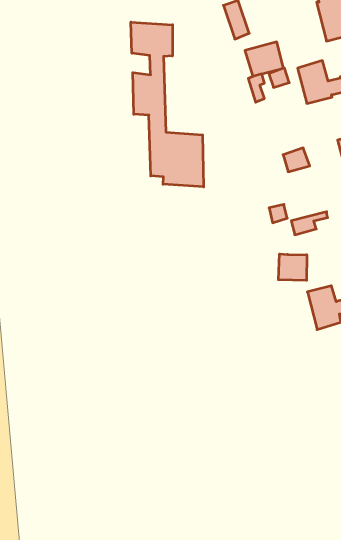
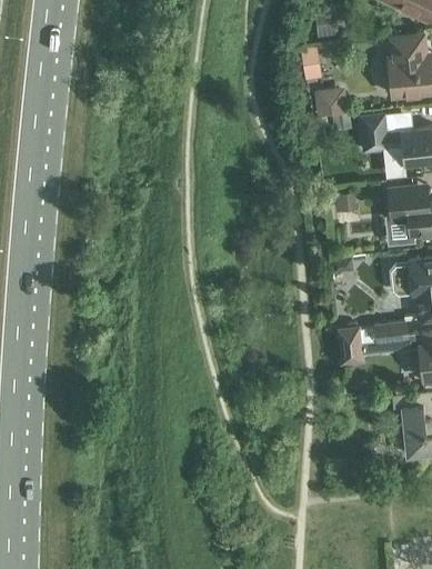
building: [131,22,204,187] -> none
building: [278,254,307,280] -> none

